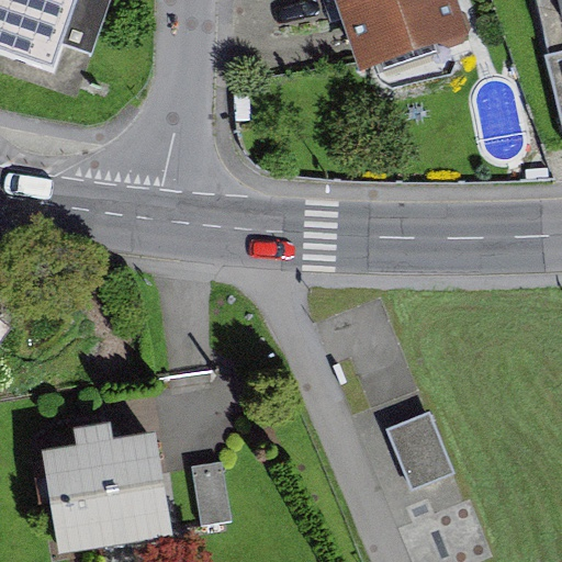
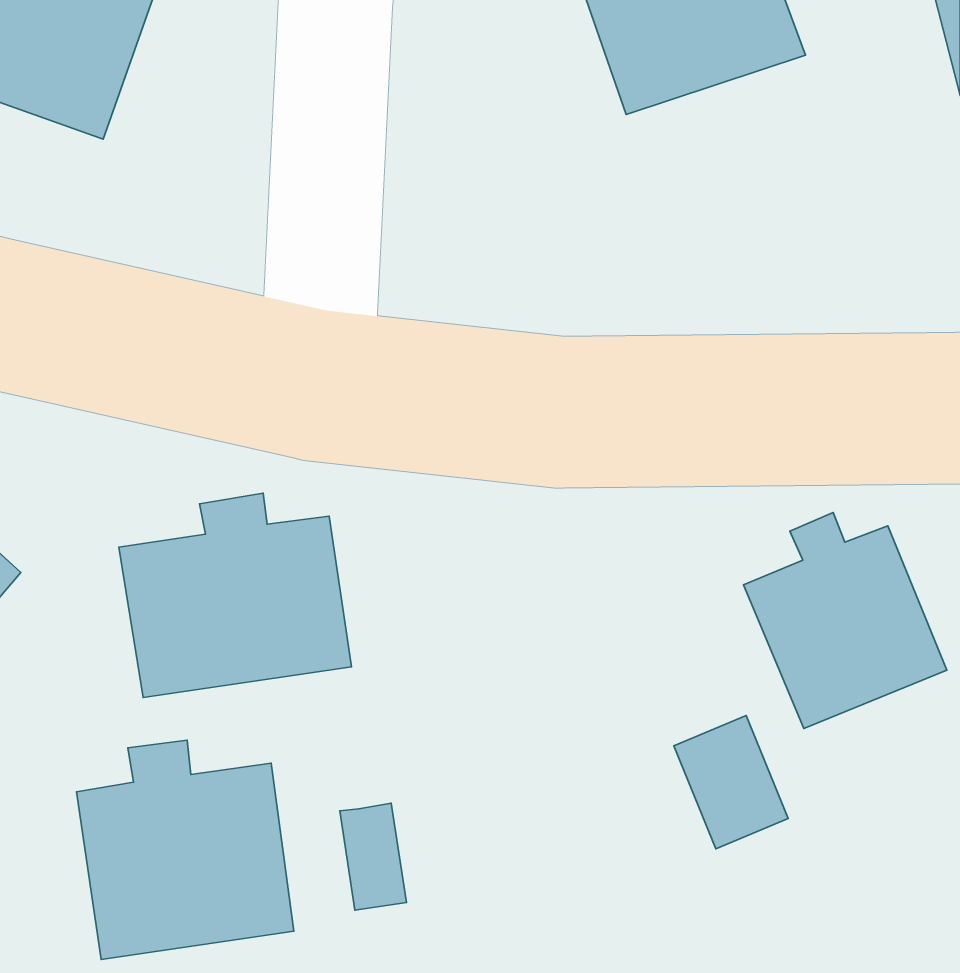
building: none -> [119,493,351,697]
building: none -> [744,512,947,728]

